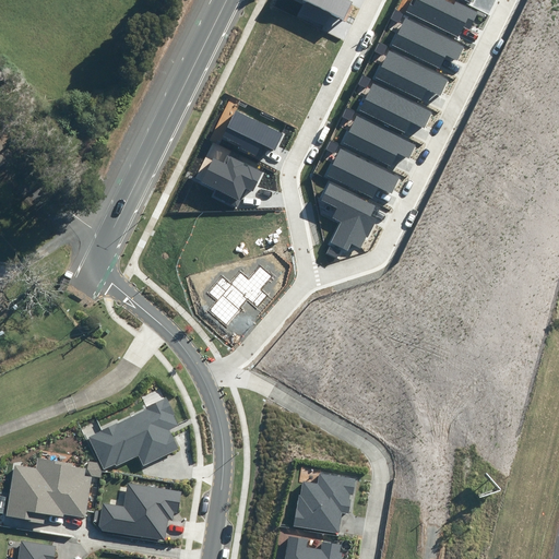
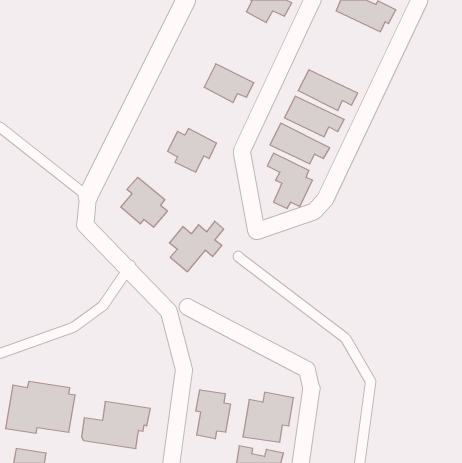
building: [392,19,463,68] -> none
building: [374,50,445,99] -> none
building: [223,110,283,157] -> [204,64,254,103]
building: none -> [121,177,167,227]
building: [85,400,178,473] -> none
building: none -> [196,390,230,439]

